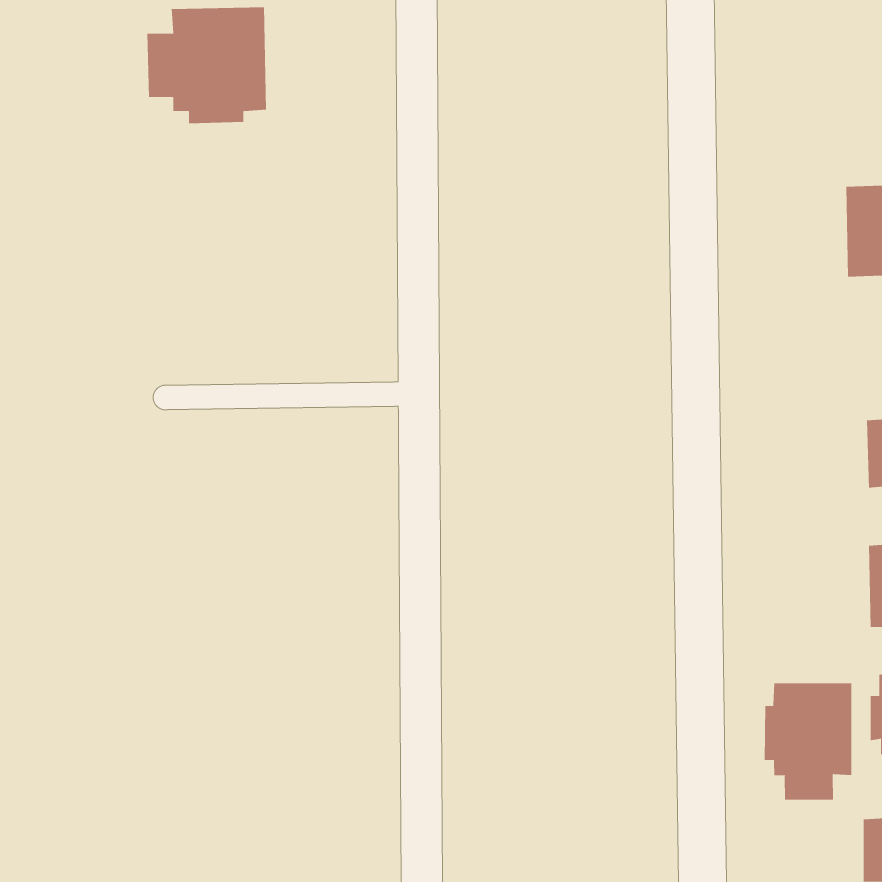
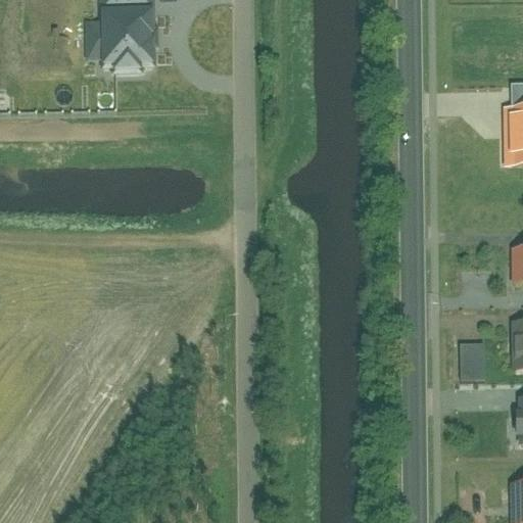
building: none -> [460,342,485,378]
building: [764,683,852,801] -> none

